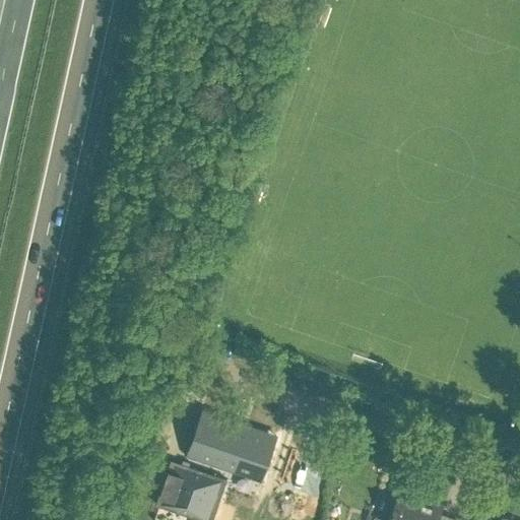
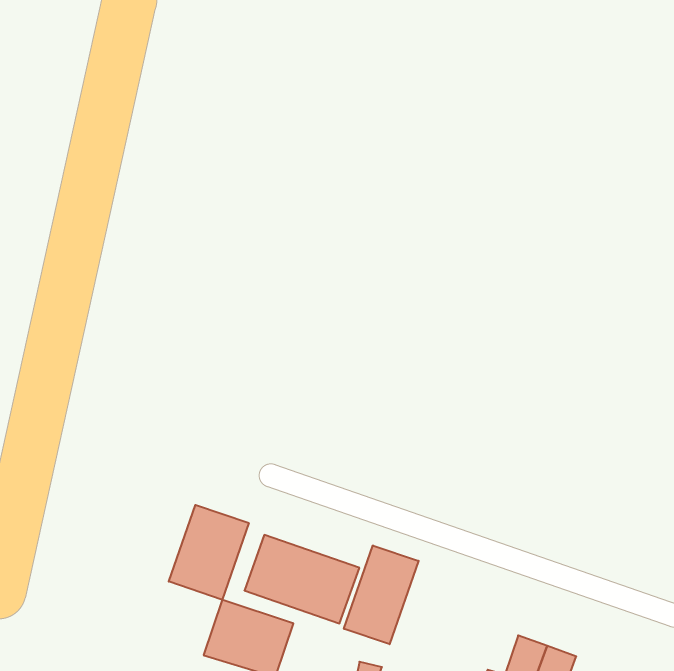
building: none -> [169,505,249,600]
building: none -> [344,545,419,644]

